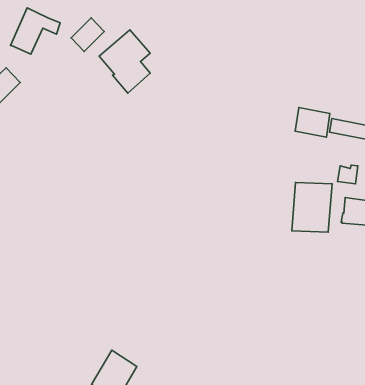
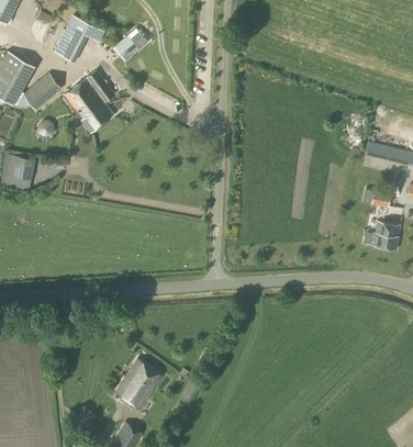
building: [99,30,150,93] -> [64,69,114,132]
building: [295,107,330,137] -> none
building: [292,182,332,232] -> none

